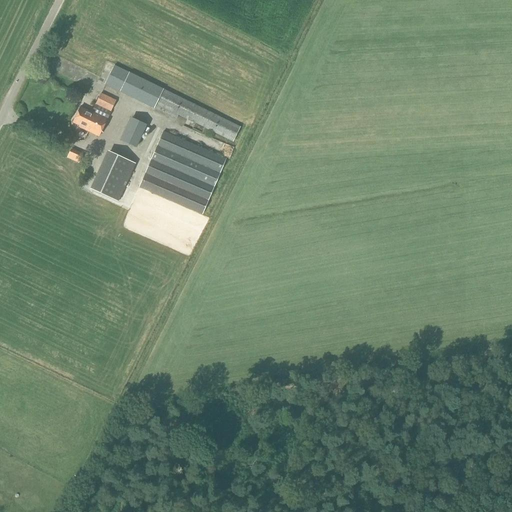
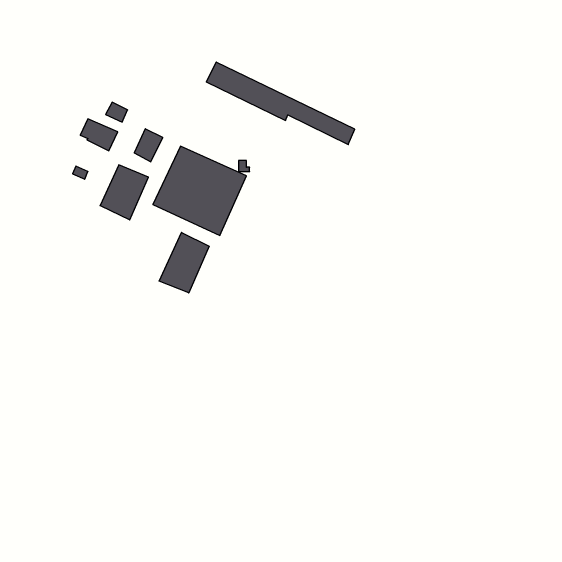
building: [104,65,239,140] -> [206,62,355,145]
building: none -> [159,232,209,293]

